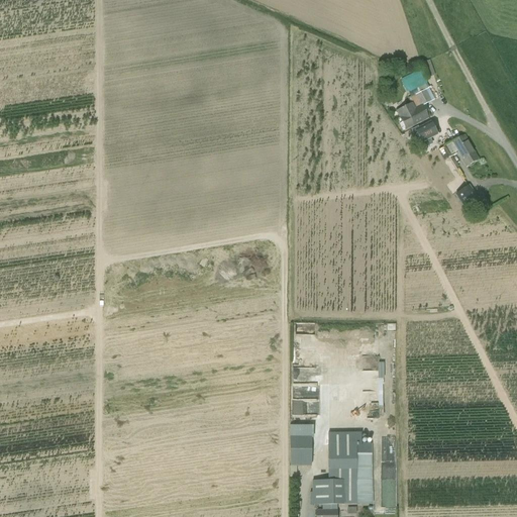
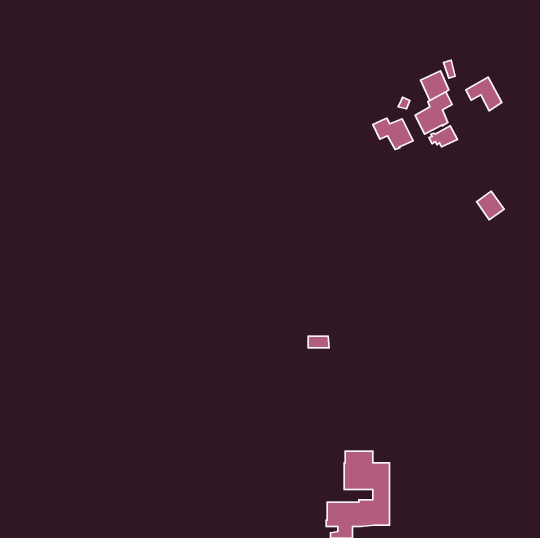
building: none -> [373,118,413,150]
building: [444,133,479,166] -> [466,77,502,111]
building: [290,435,312,464] -> none

